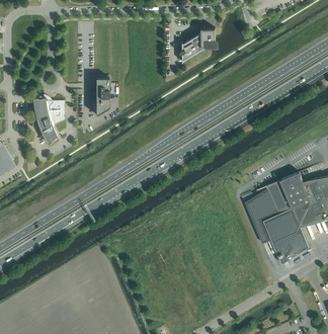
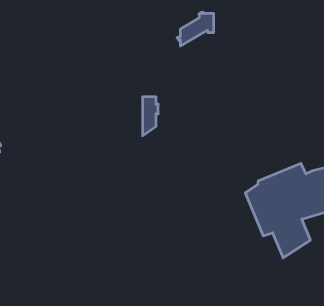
building: [95,79,110,116] -> [142,97,158,136]
building: [31,98,64,145] -> none

